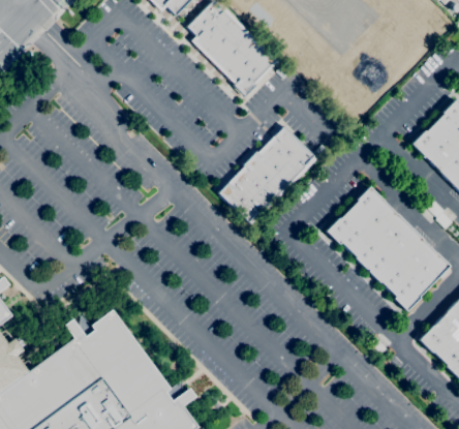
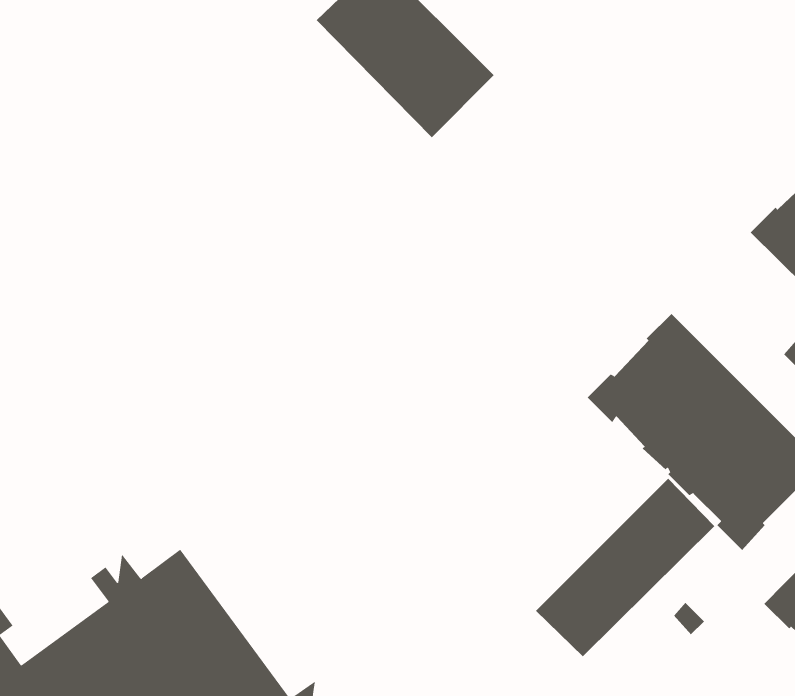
building: [220,127,317,225] -> none
building: none -> [535,478,715,657]

